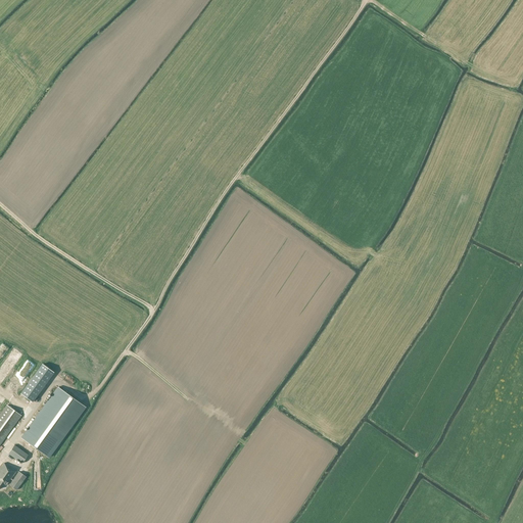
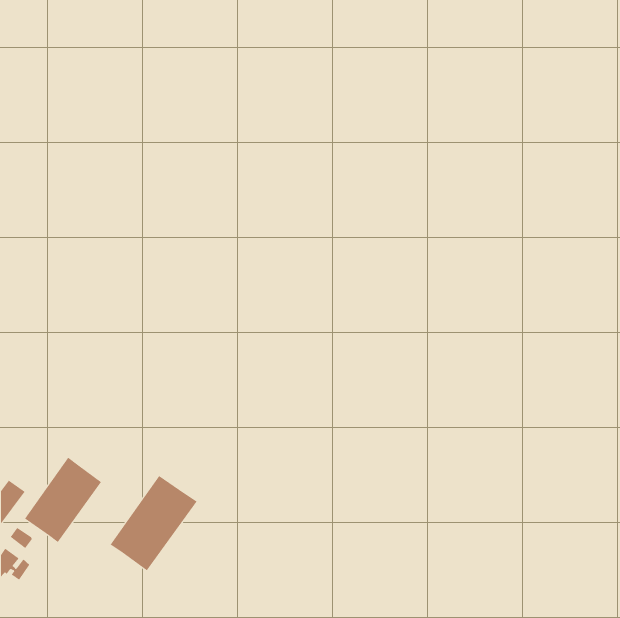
building: [19,363,54,401] -> none
building: none -> [110,475,198,571]

